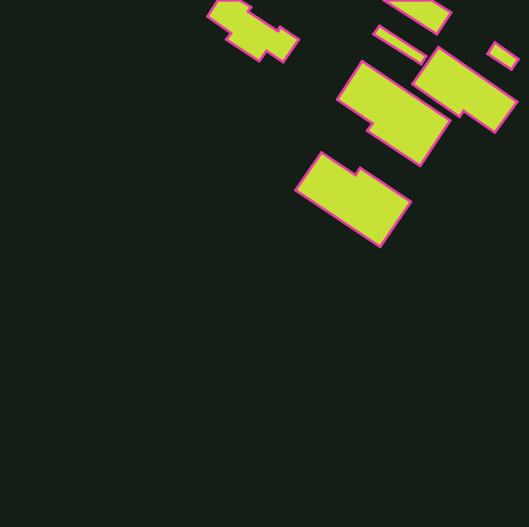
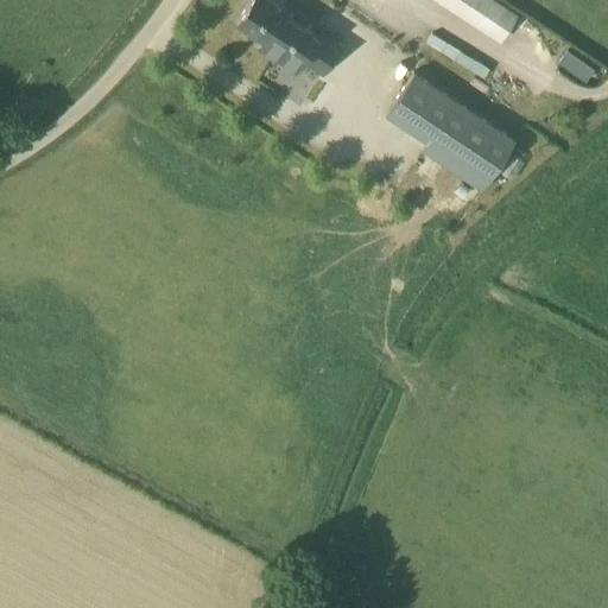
building: [412,47,517,133] -> none
building: [296,153,411,247] -> none

